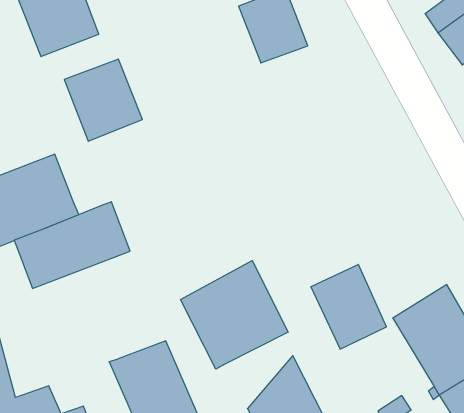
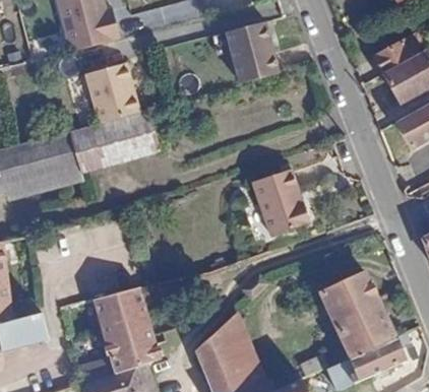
building: [14,202,130,288] -> [68,111,159,172]
building: [180,261,288,369] -> none
building: [311,264,386,349] -> [253,171,309,236]

